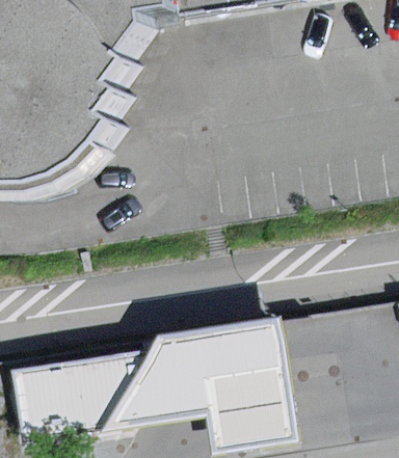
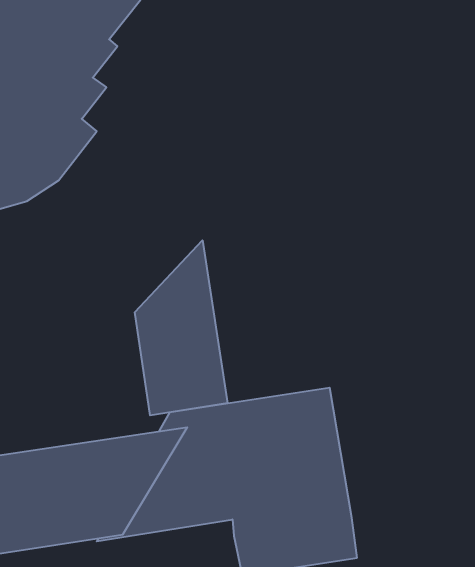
building: none -> [135,240,227,415]

